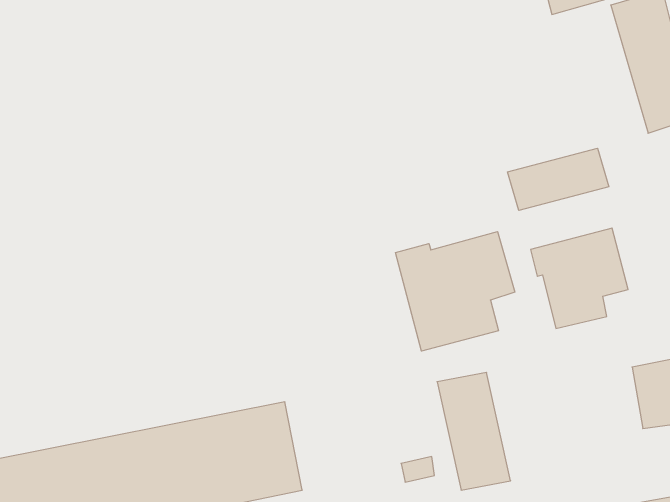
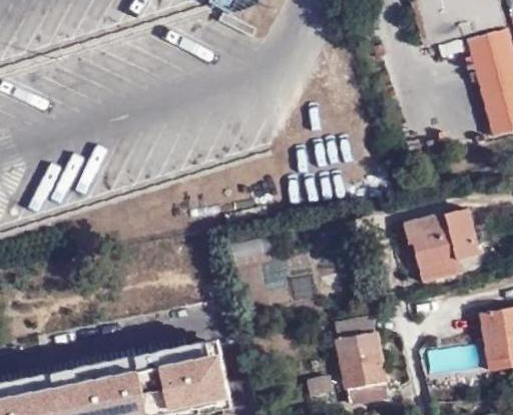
building: [507,148,609,210] -> none
building: [396,232,515,351] -> none

